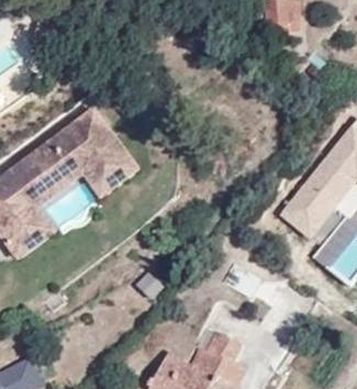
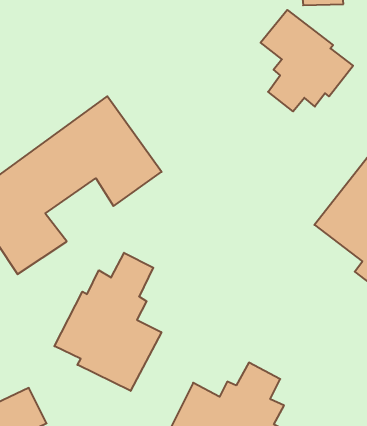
building: none -> [261,10,353,111]
building: none -> [54,253,161,391]

